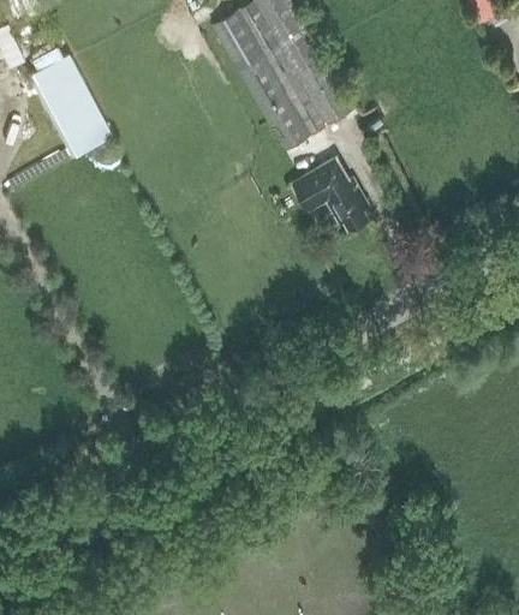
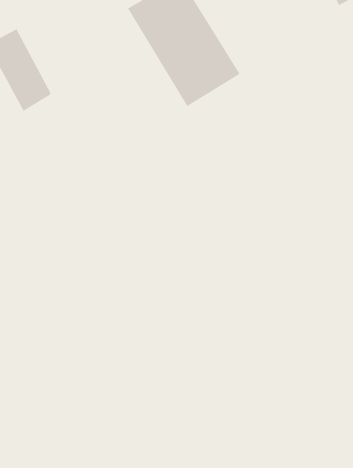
building: [294,157,368,228] -> none

